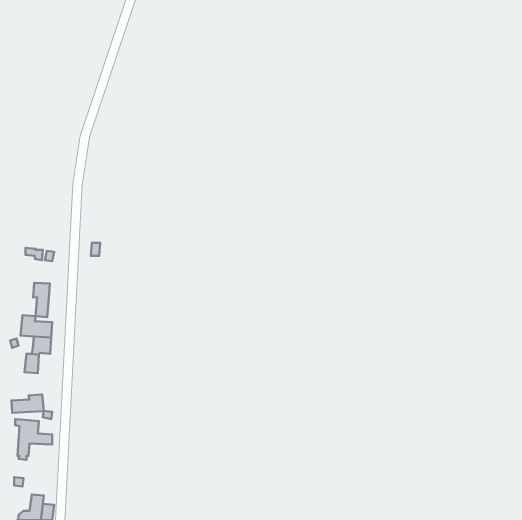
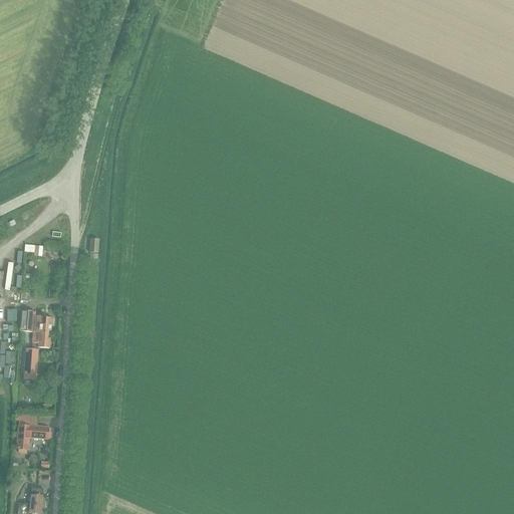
building: [33,283,50,317] -> none
building: [11,395,44,413] -> none

